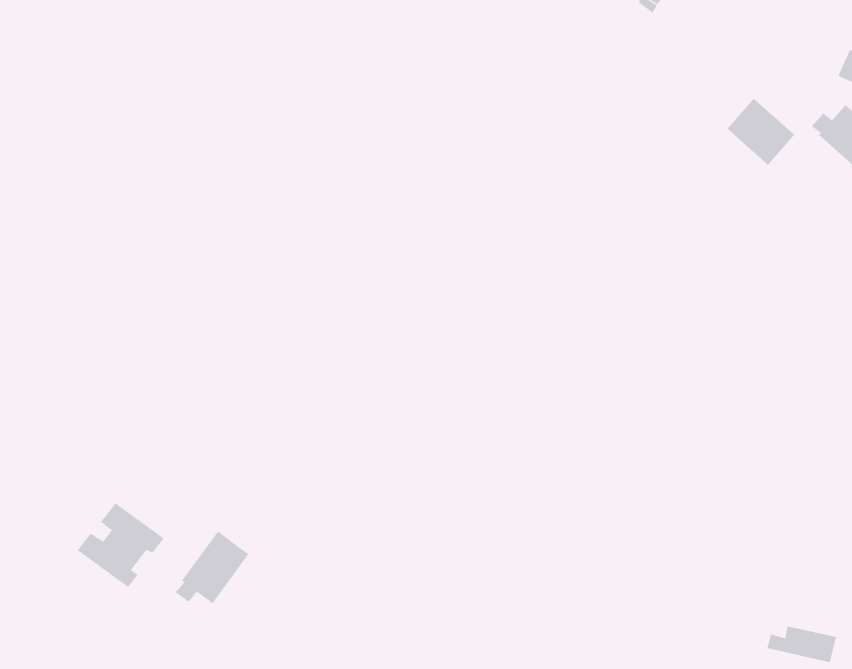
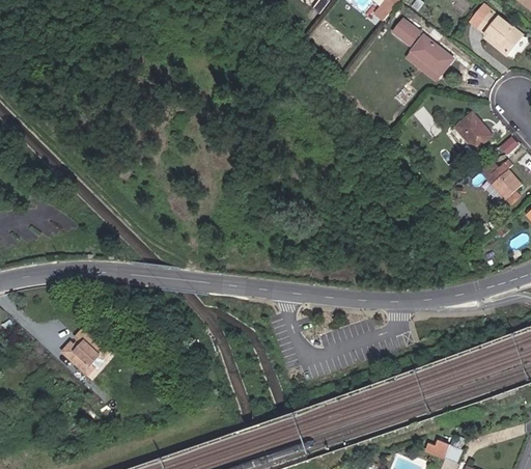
building: [726,98,795,166] -> [456,112,493,149]
building: [175,530,249,604] -> none

